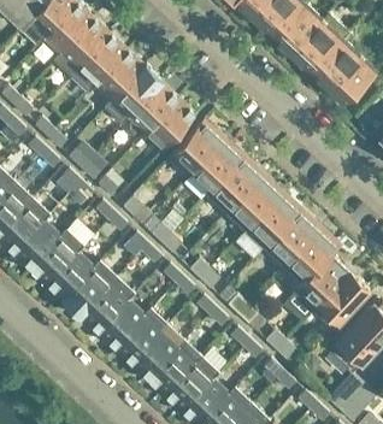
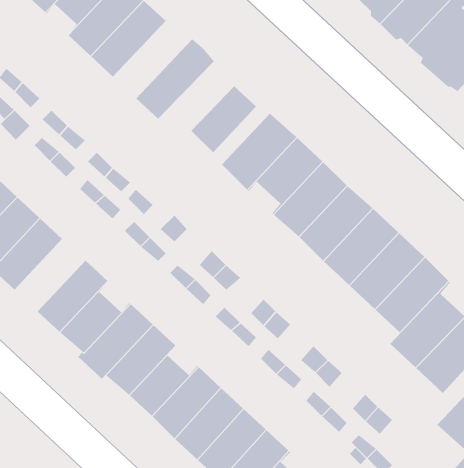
building: [88,52,147,110] -> none
building: [122,84,178,134] -> none
building: [14,214,67,269] -> none

